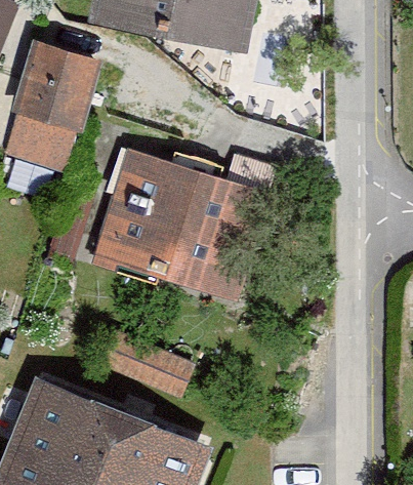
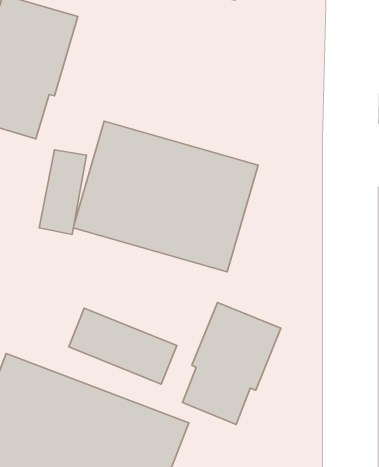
building: none -> [182,302,281,424]

